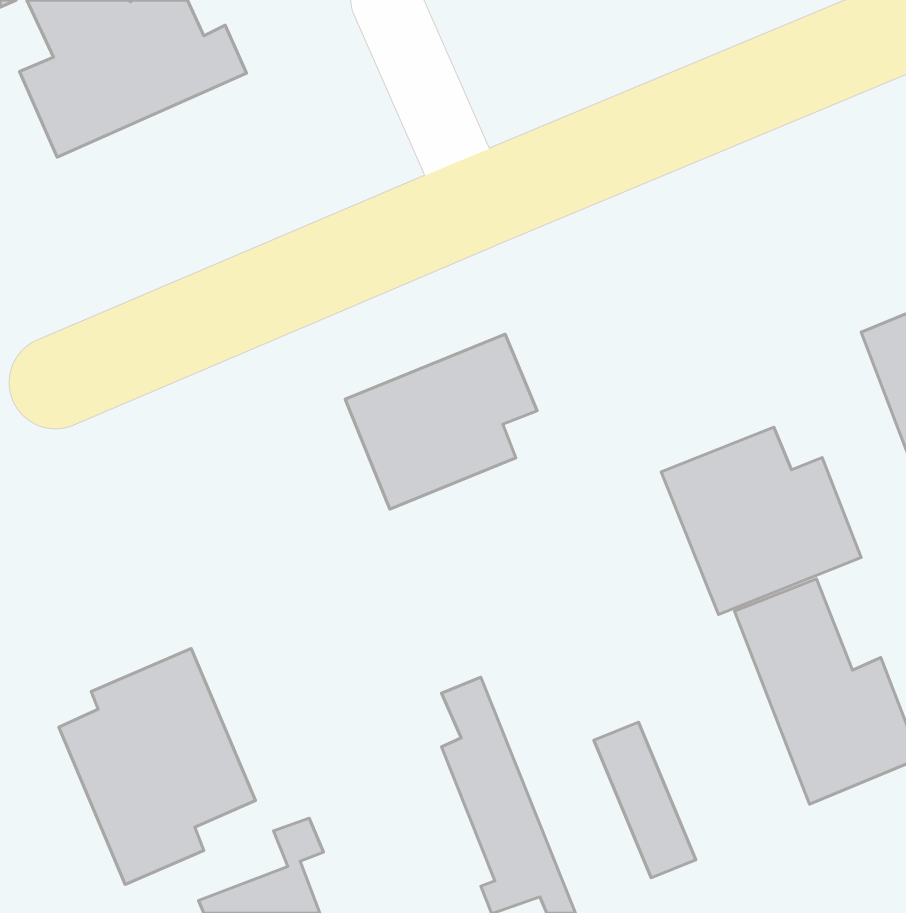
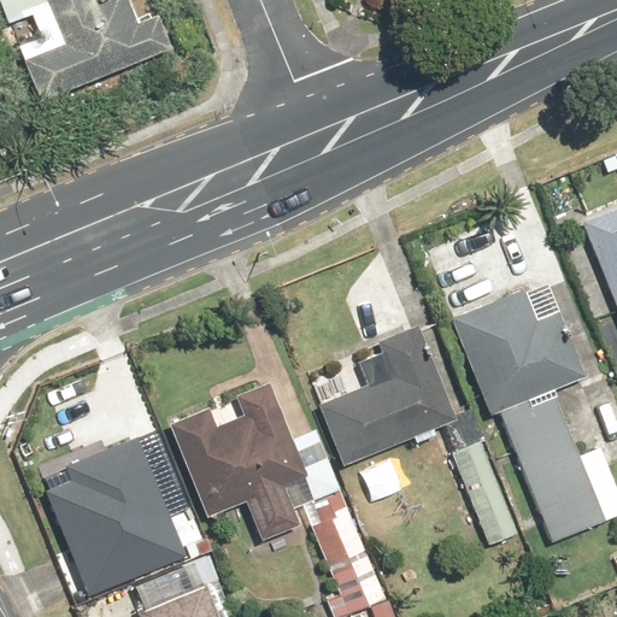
building: [345,334,537,509] -> none
building: none -> [319,325,456,464]
building: none -> [170,382,305,537]
building: [594,722,696,878] -> [451,440,519,545]

